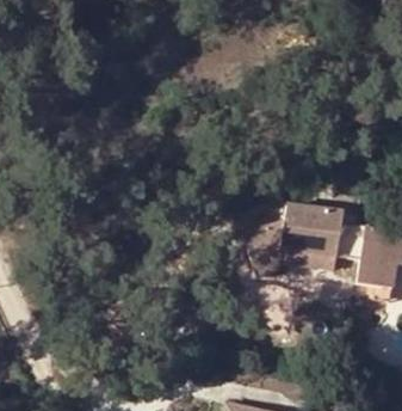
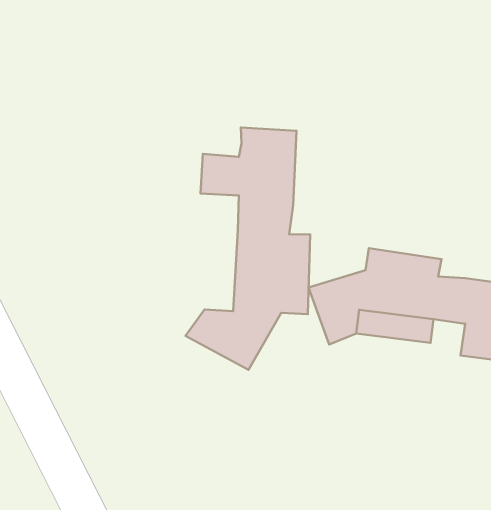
building: none -> [186,128,310,370]

